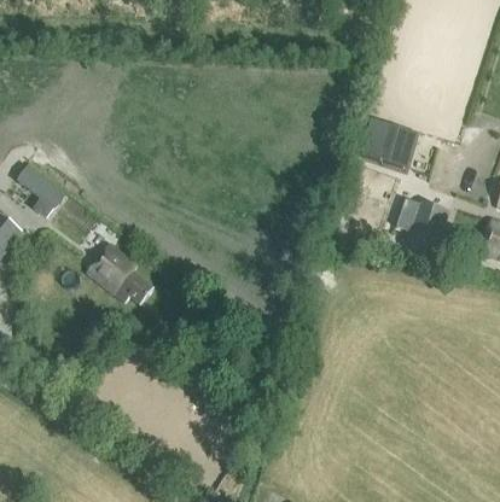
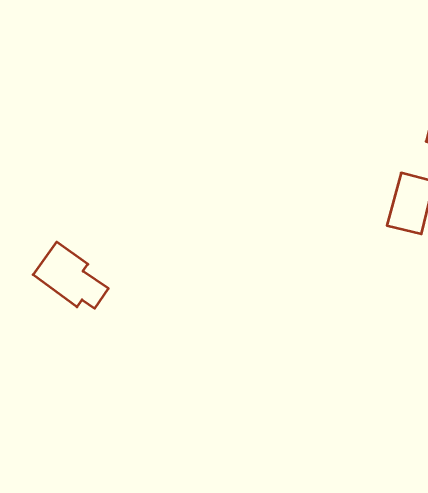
building: [361,117,405,162] -> none

